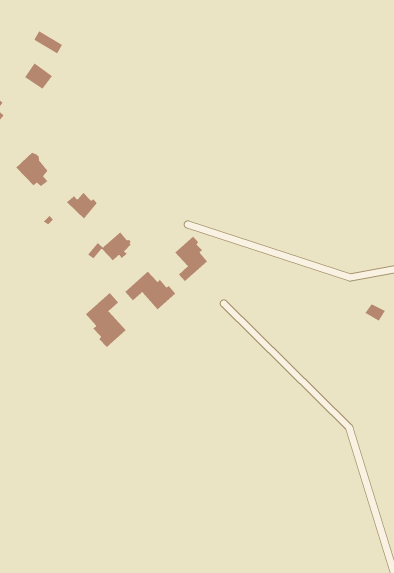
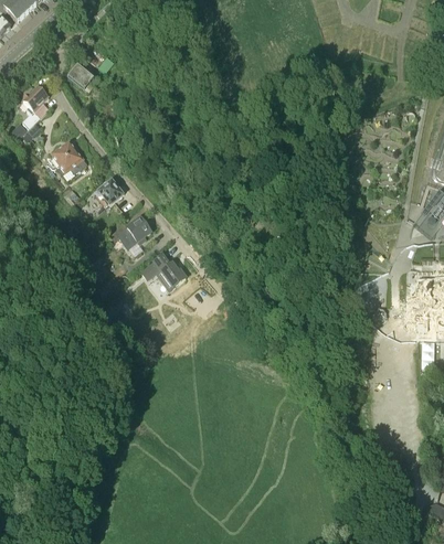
building: [175,236,208,282] -> none
building: [85,292,127,348] -> none

